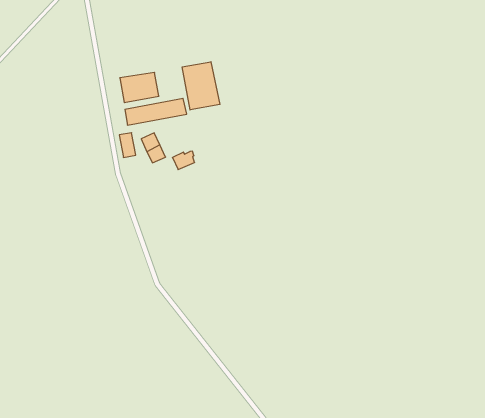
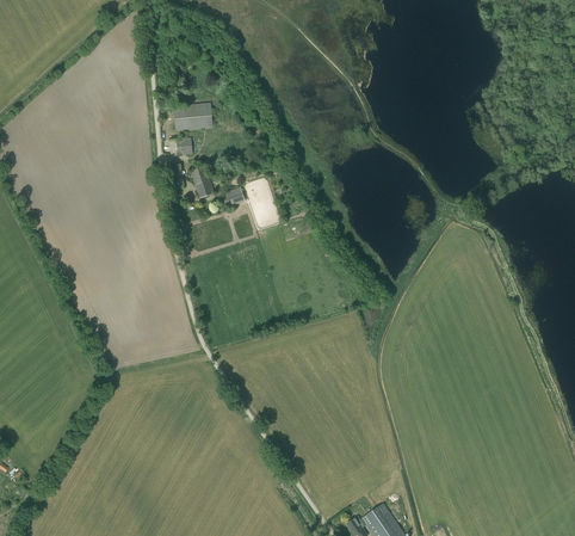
building: [182,62,220,110] -> none

